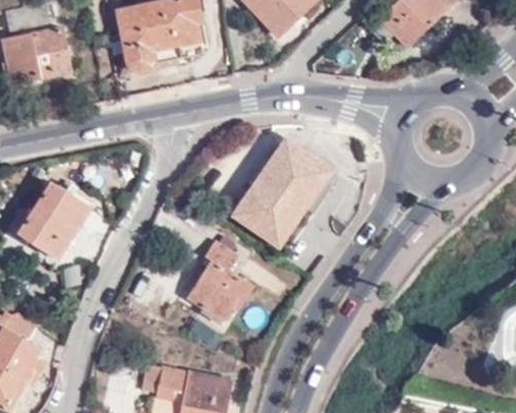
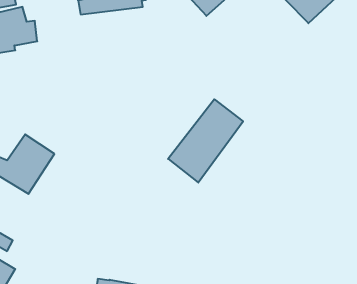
building: [123,25,207,75] -> none
building: [191,241,252,315] -> none

